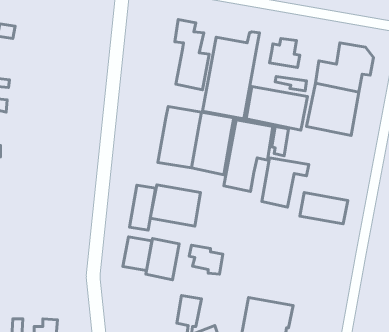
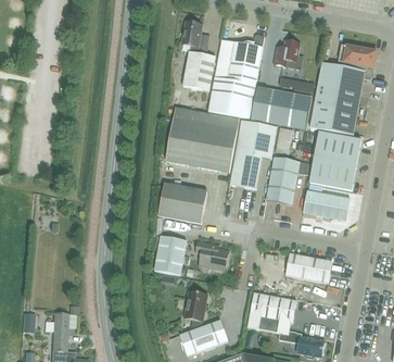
building: none -> [310,130,363,189]
building: [129,185,155,230] -> none
building: [123,237,152,270] -> none
building: none -> [287,253,333,283]

